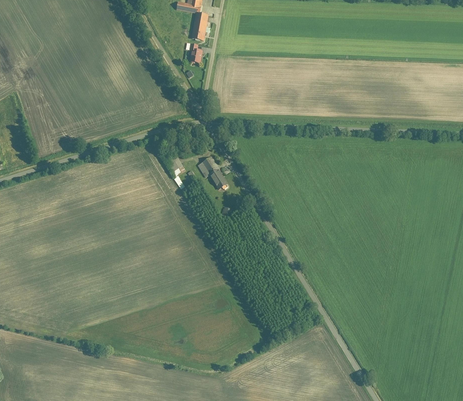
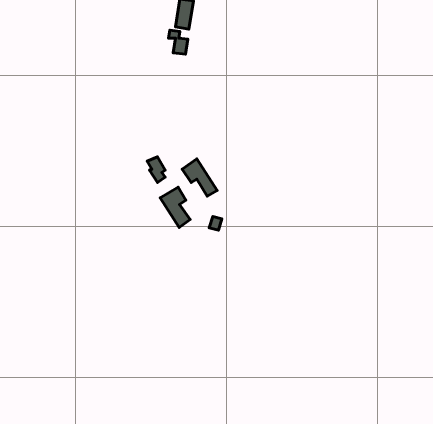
building: none -> [160,187,190,227]

